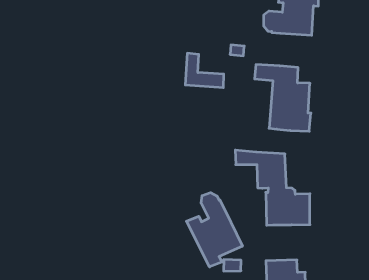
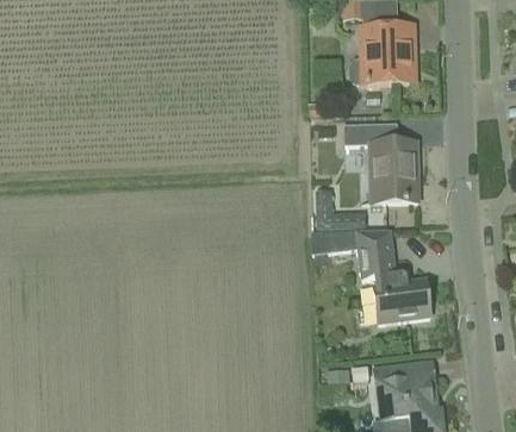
building: [185,53,224,88] -> [317,188,366,227]
building: [186,193,242,267] -> none

